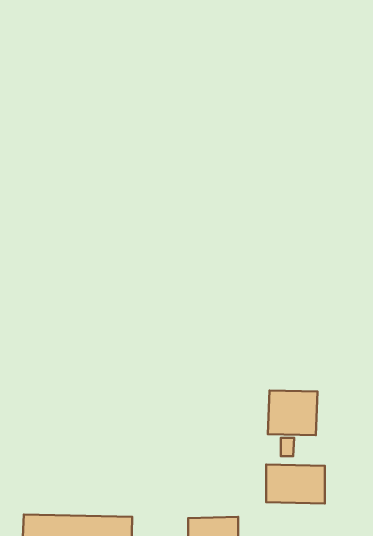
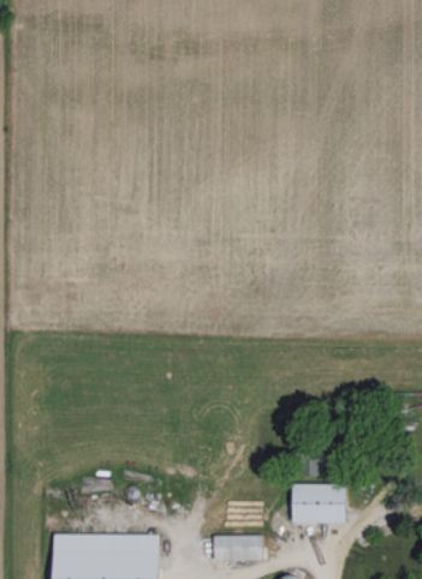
building: [268,391,317,435] -> none

